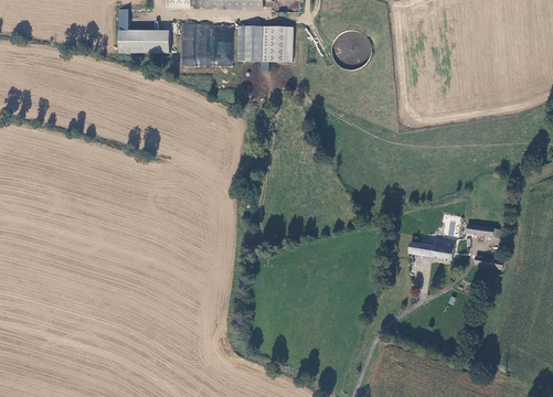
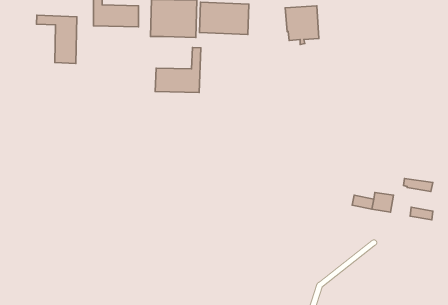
building: none -> [37,15,77,63]
building: none -> [155,48,201,93]

